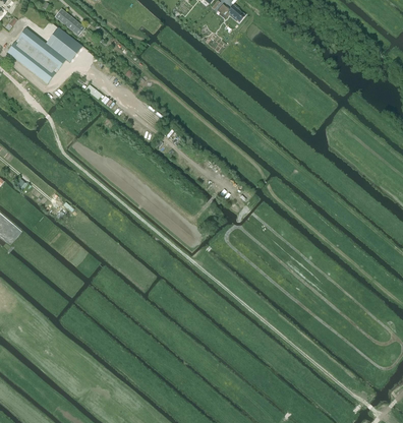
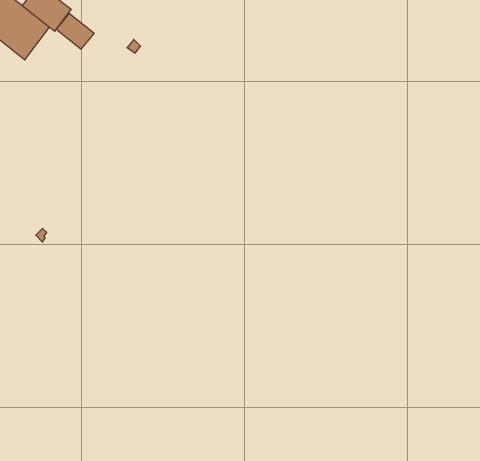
building: none -> [56,14,94,49]

